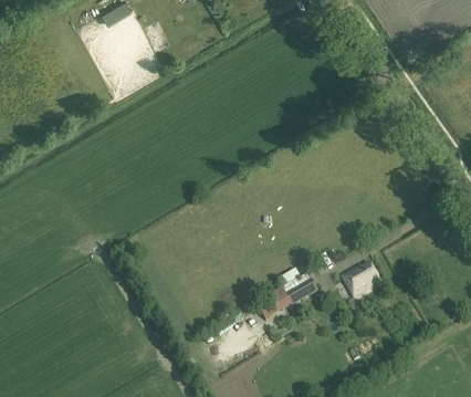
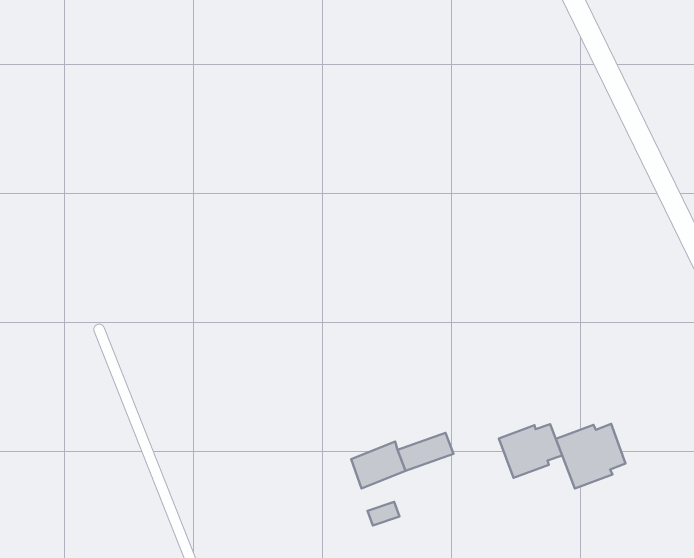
building: none -> [556,424,626,489]

